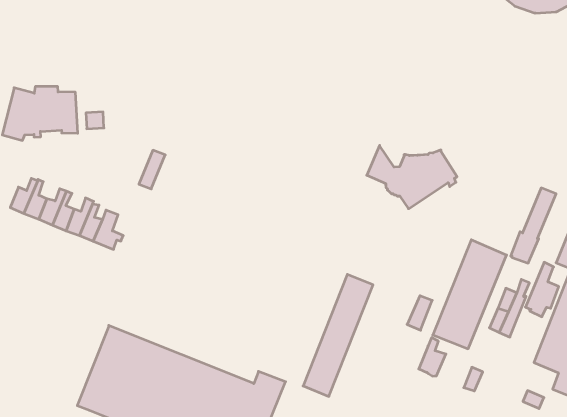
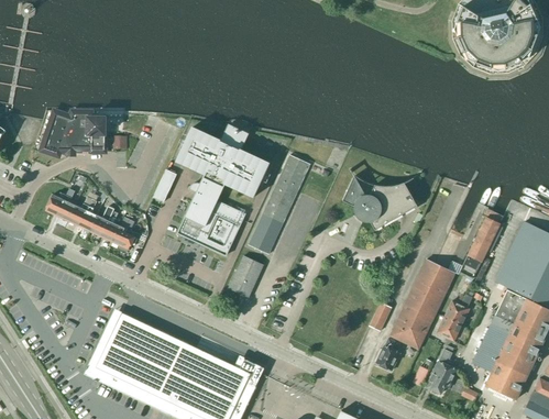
building: none -> [176,126,270,254]
building: none -> [229,255,263,297]
building: [525,262,559,317] -> [427,349,455,394]
building: [303,274,373,396] -> [248,154,310,254]

